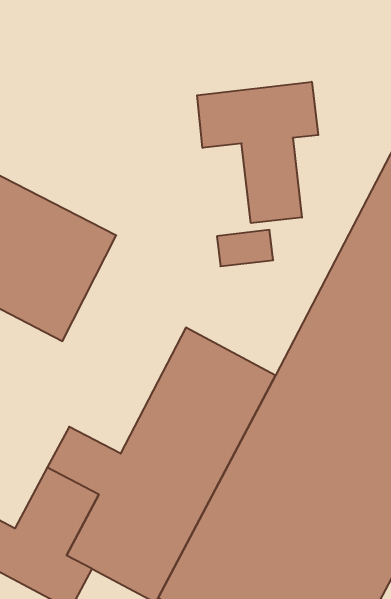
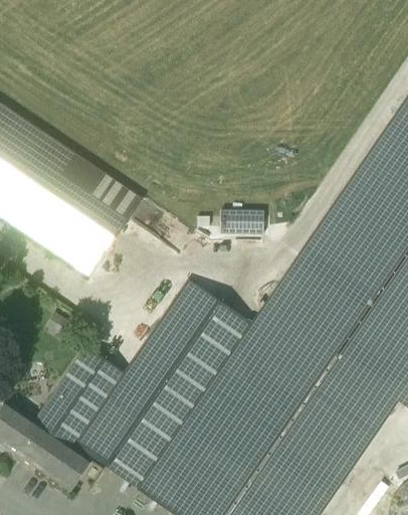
building: [197,82,318,223] -> none

